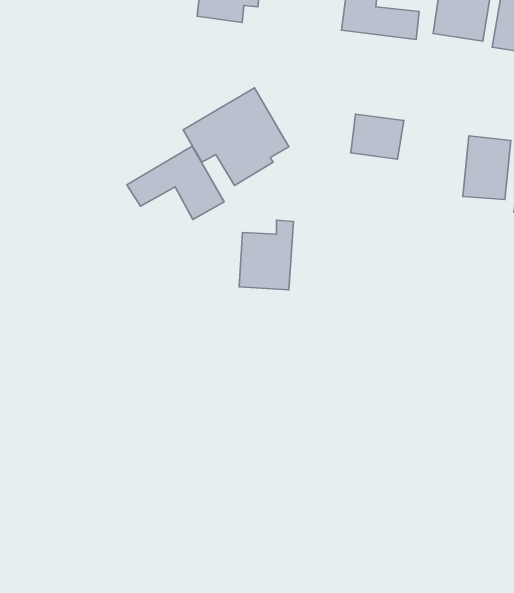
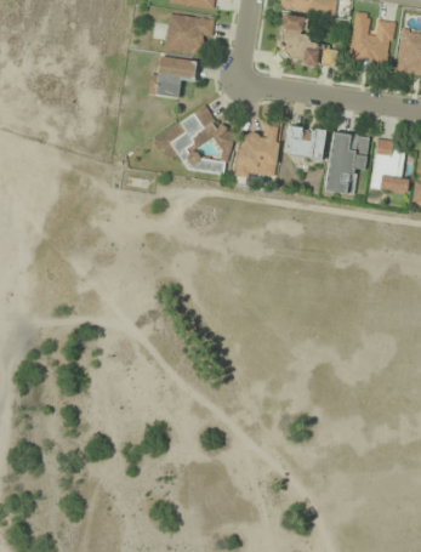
building: none -> [154,55,197,97]
building: none -> [325,131,370,194]
building: [127,146,224,220] -> none
building: [239,220,294,290] -> [238,123,280,177]

